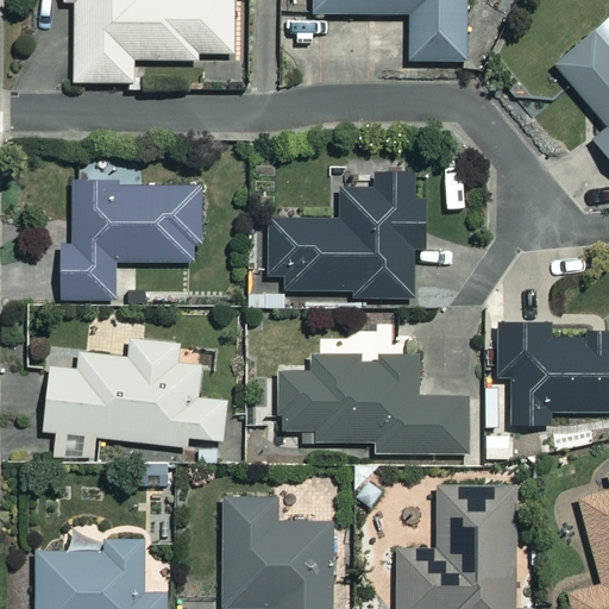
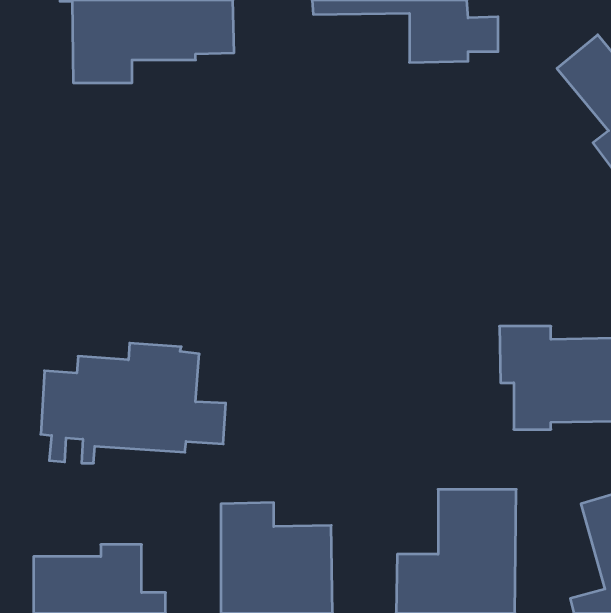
building: [58,157,203,300] -> none
building: [265,172,427,300] -> none
building: [277,352,466,456] -> none

